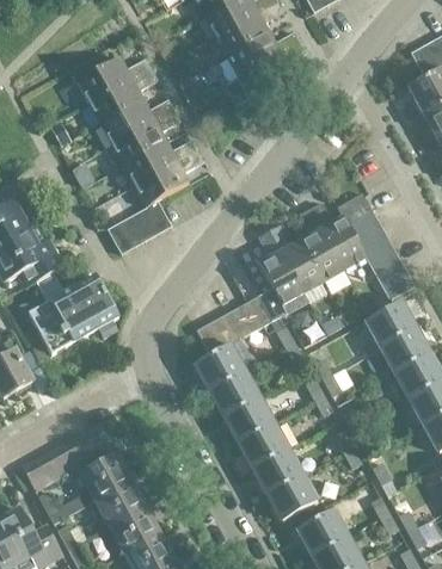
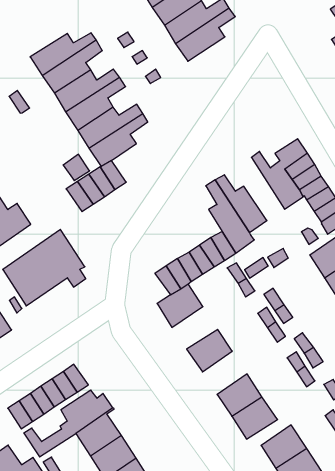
building: [299,210,343,280] -> none
building: [209,370,259,415] -> none
building: [239,421,288,468] -> none

